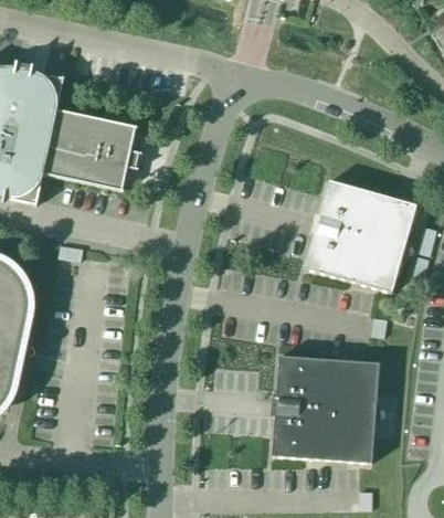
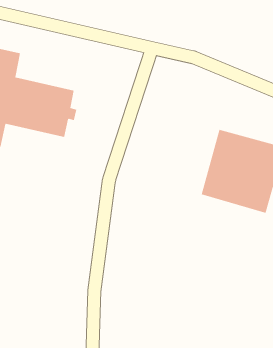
building: [272,355,379,462] -> none

